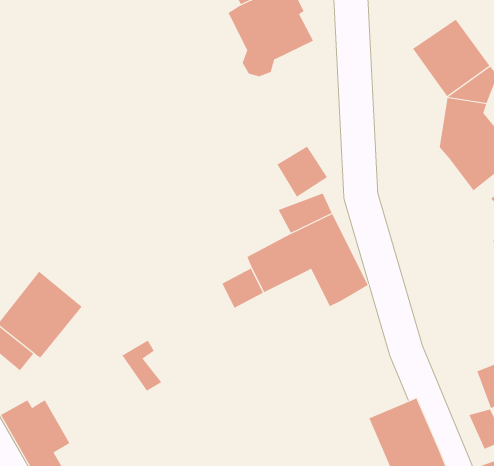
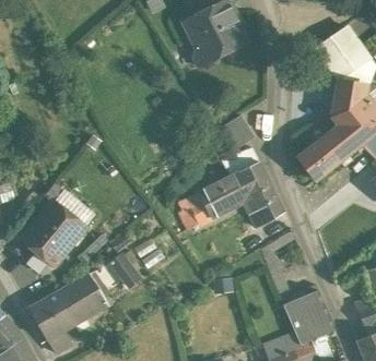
building: none -> [297,123,356,180]
building: none -> [57,273,107,328]

